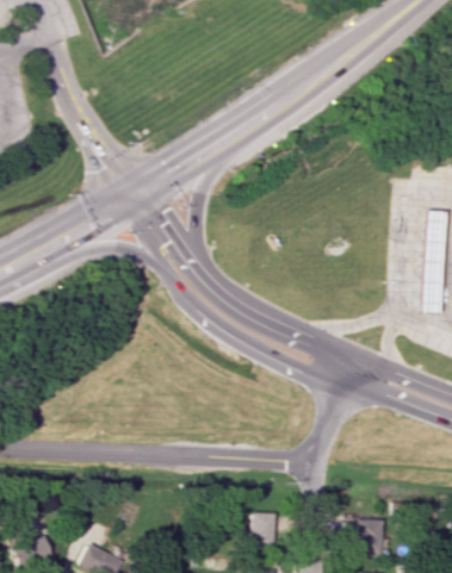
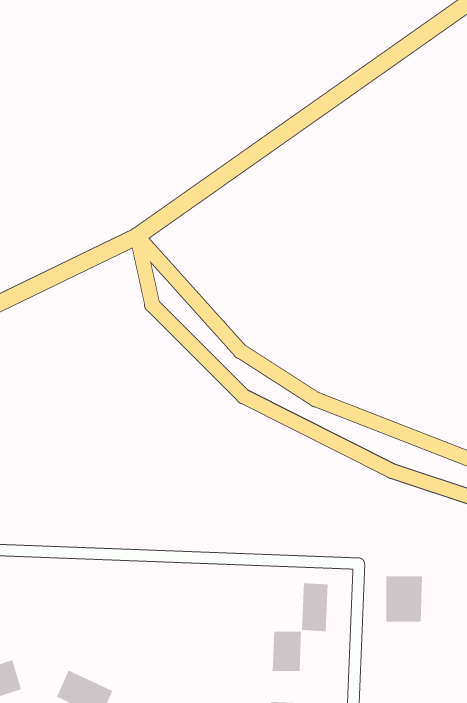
building: none -> [302,582,328,632]
building: [360,519,390,556] -> [385,576,423,622]

